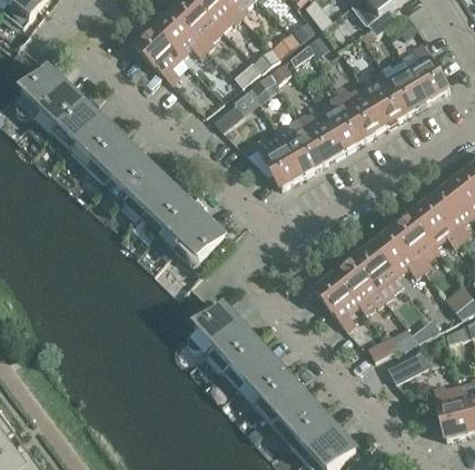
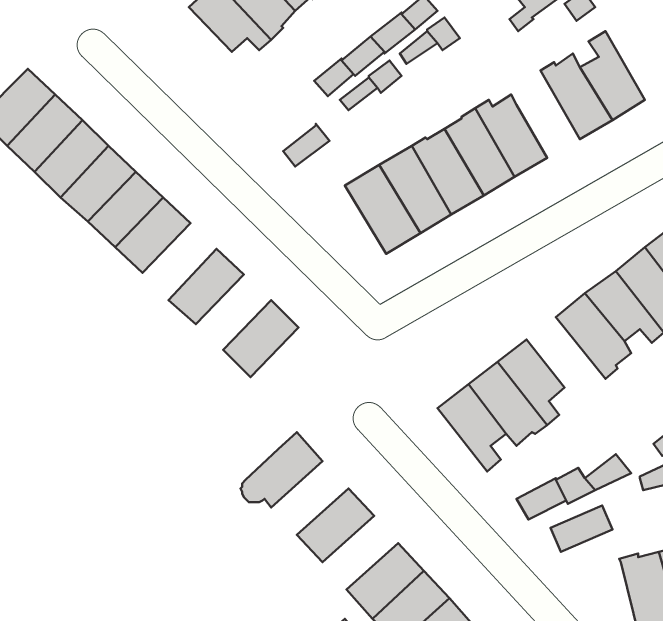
building: [137,28,182,84] -> none
building: [367,69,408,126] -> none
building: [125,168,172,218] -> none
building: [159,202,208,251] -> none
building: [374,229,425,276] -> none
building: [208,323,258,371] -> none
building: [241,359,290,407] -> none

